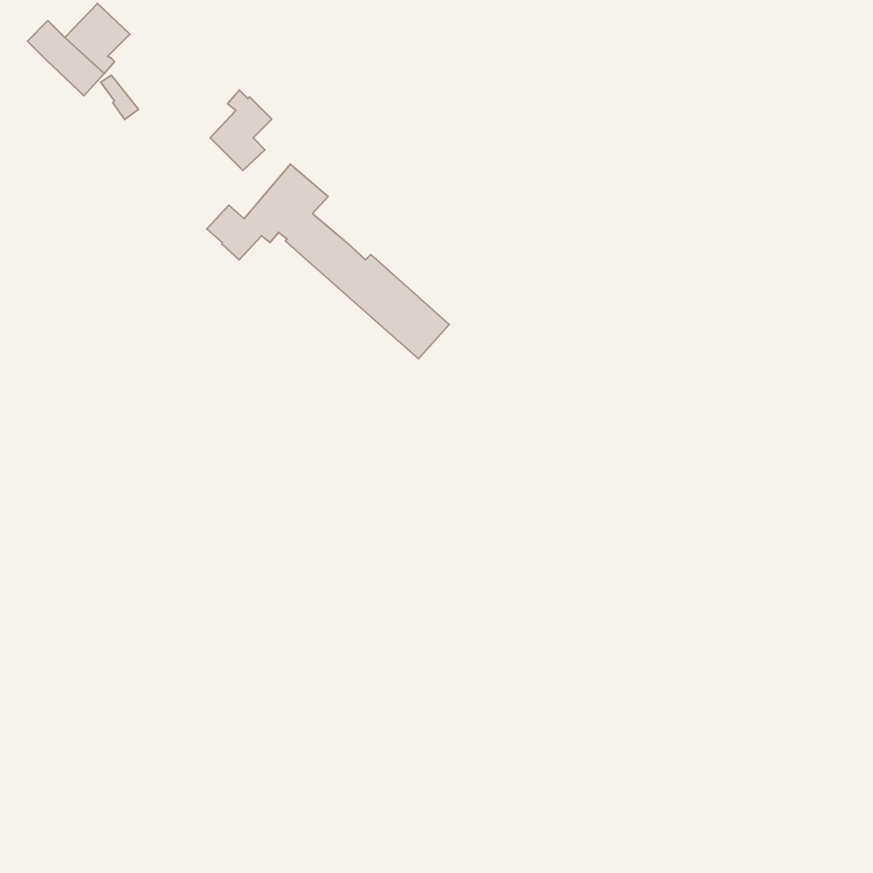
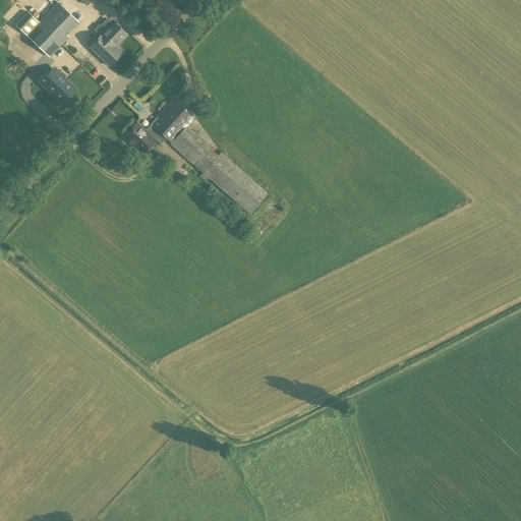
building: [210,90,272,170] -> [90,17,126,65]
building: none -> [44,69,73,101]

